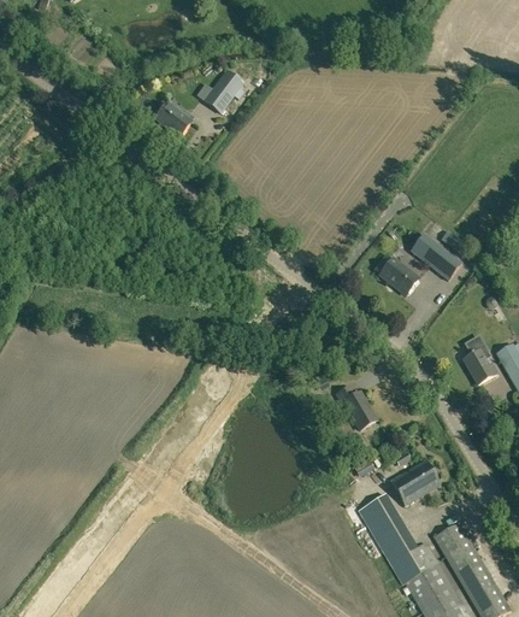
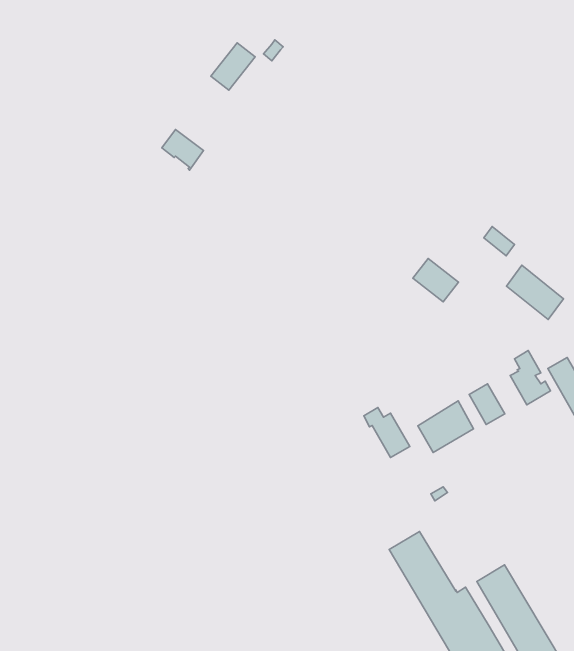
building: [154,101,190,136] -> [162,130,203,170]
building: [411,233,460,280] -> [506,265,564,320]
building: none -> [469,384,505,425]
building: [390,459,438,504] -> [418,401,474,452]

